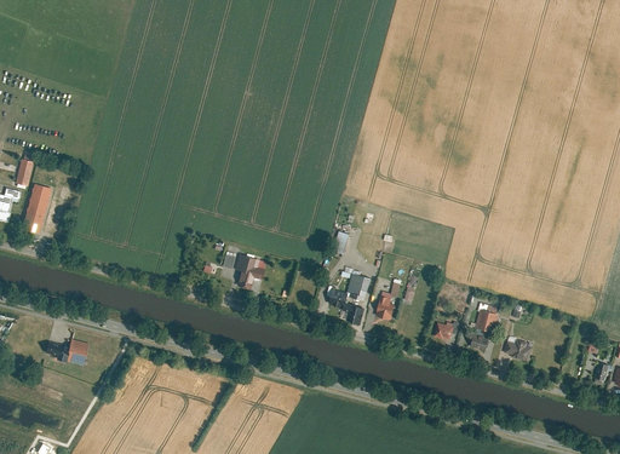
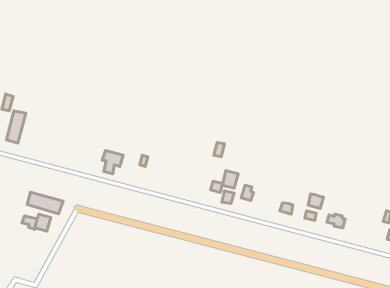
building: [235,254,266,289] -> [102,150,123,174]
building: none -> [27,192,63,214]

